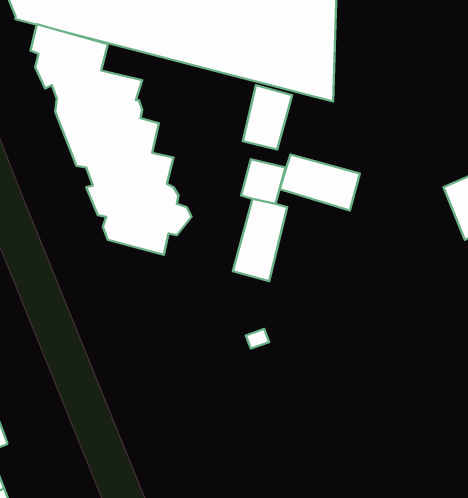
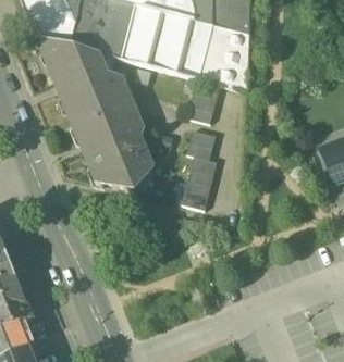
building: [280,155,360,210] -> none

